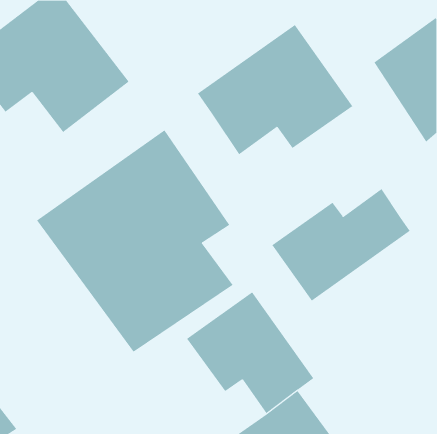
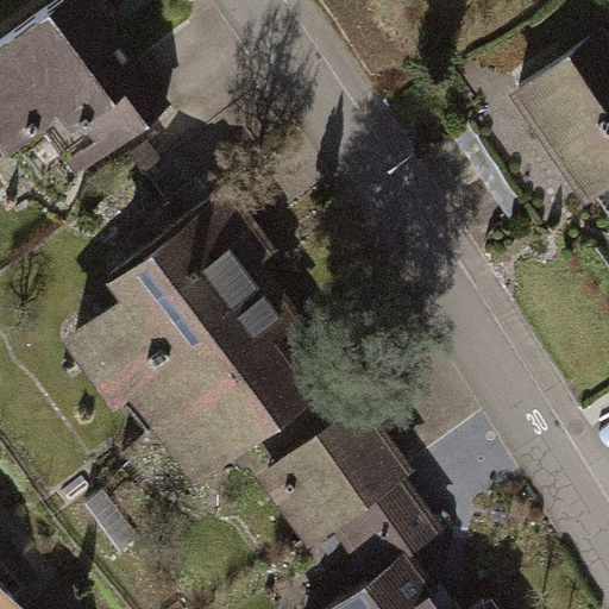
building: [197,24,353,155] -> none
building: [271,188,410,301] -> none

